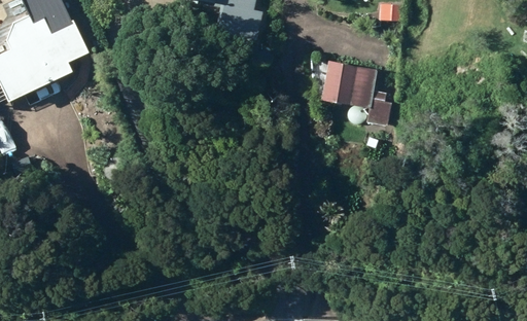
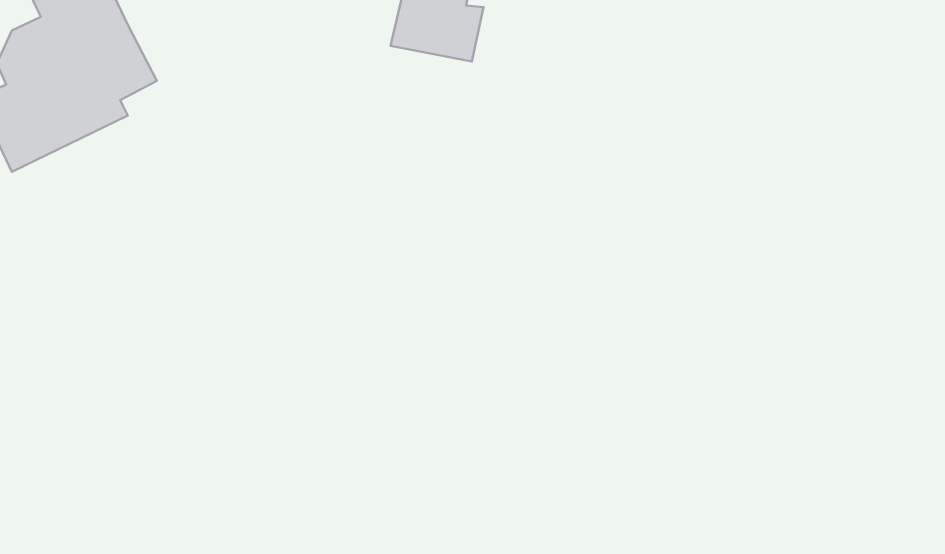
building: [319,62,390,126] -> none

